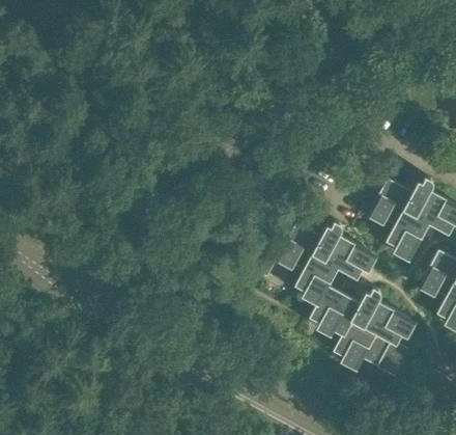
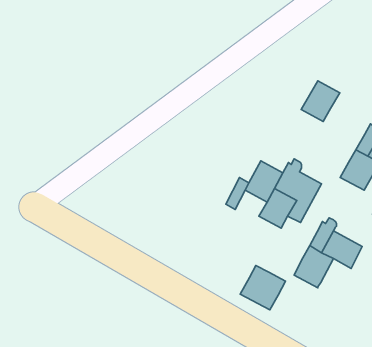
building: [371,181,415,226] -> [301,81,340,121]
building: [310,287,361,336] -> [240,266,285,310]
building: [365,334,410,379] -> none

